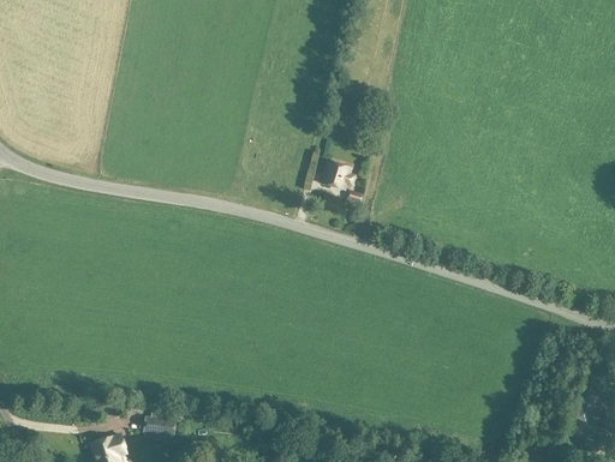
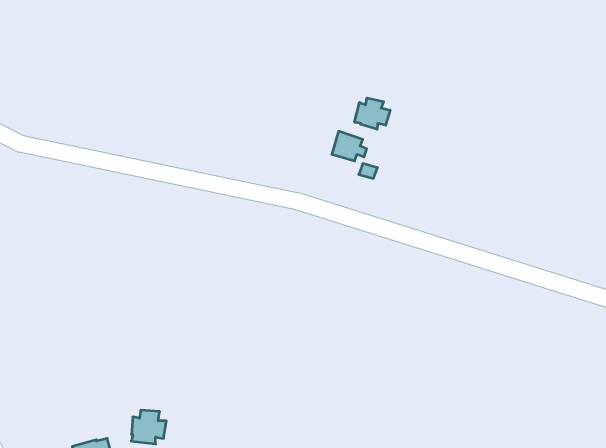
building: none -> [355,98,390,129]

